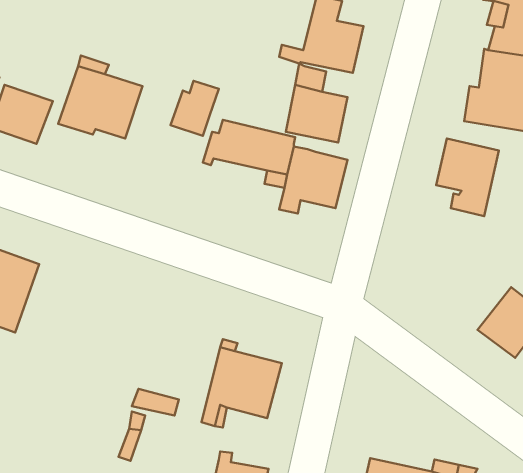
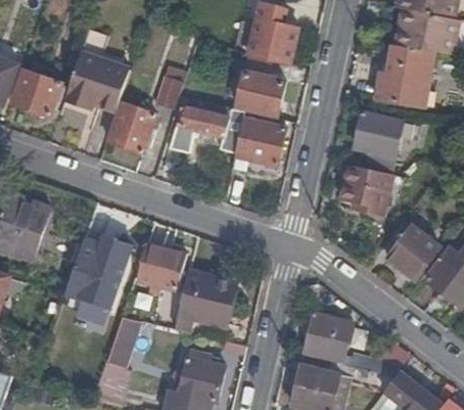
building: none -> [108,102,155,151]
building: none -> [340,165,388,209]
building: none -> [67,225,135,334]
building: none -> [137,243,186,291]
building: none -> [304,313,353,362]

